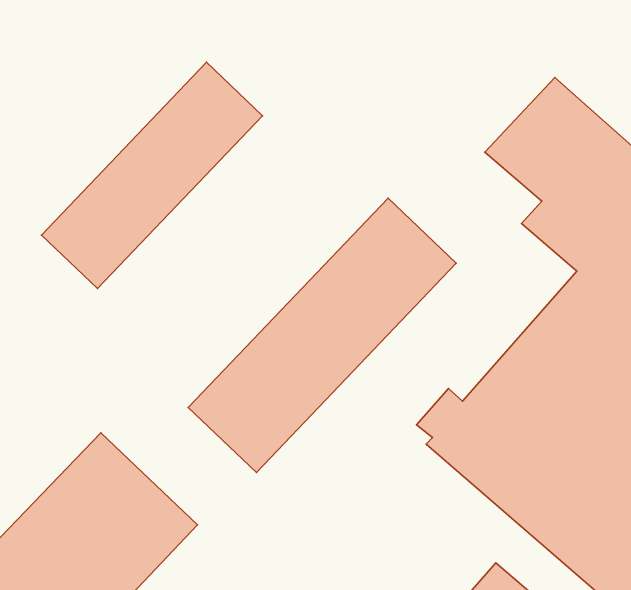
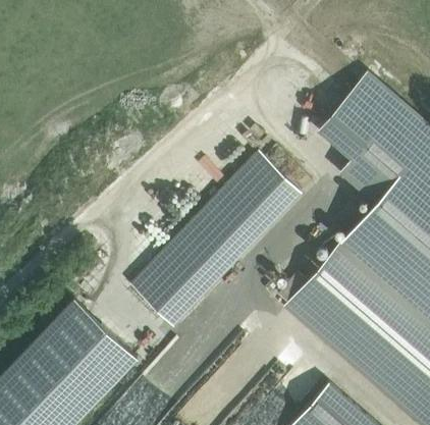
building: [41,62,263,289] -> none

